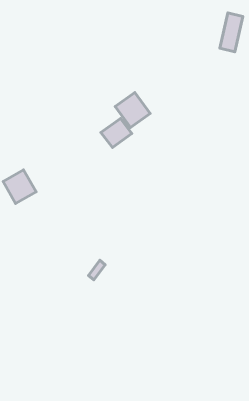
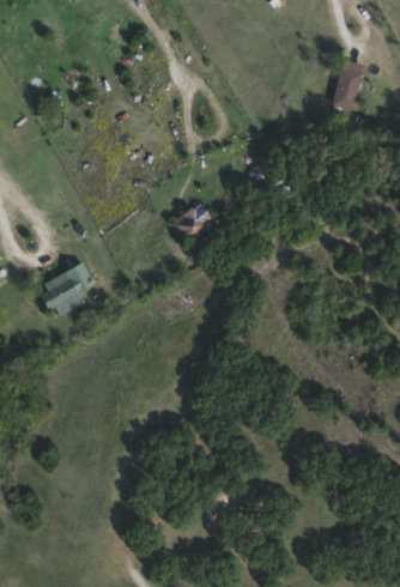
building: [115,93,150,128] -> none

